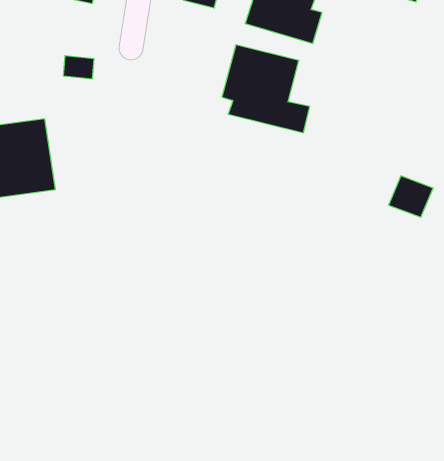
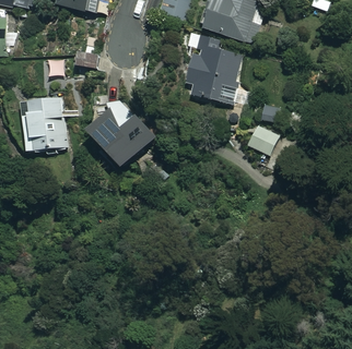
building: none -> [89,101,155,168]
building: [389,176,433,217] -> [248,123,280,153]

